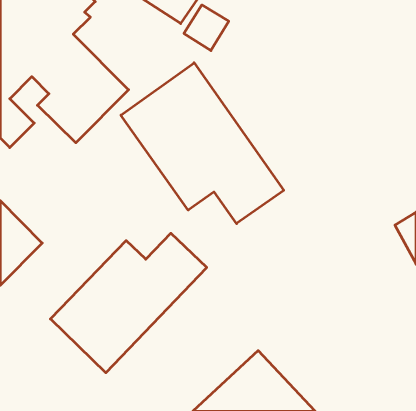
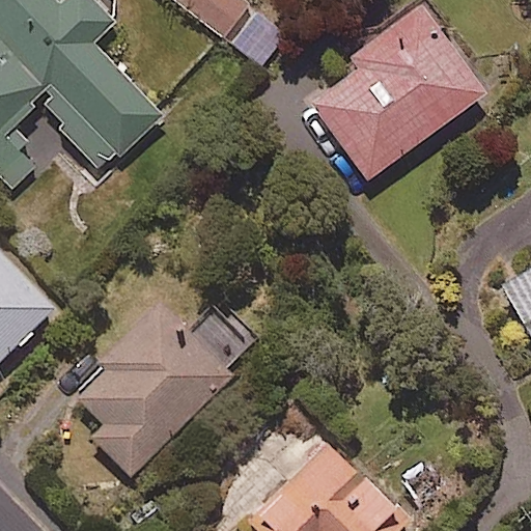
building: none -> [309,5,486,183]
building: [121,63,284,224] -> none

